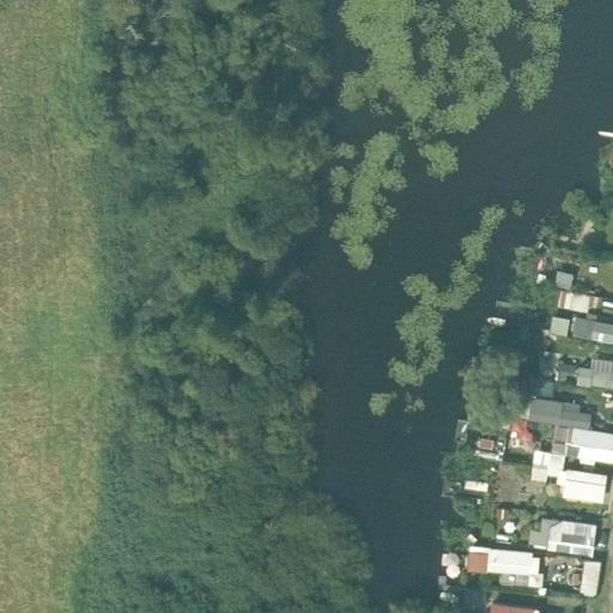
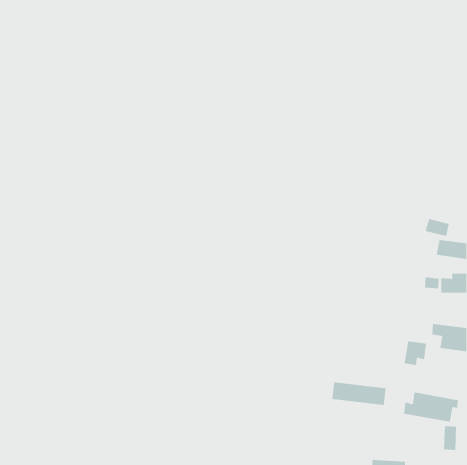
building: [528,401,590,424] -> none
building: [562,468,606,503] -> none
building: [467,546,539,577] -> [332,382,386,405]

